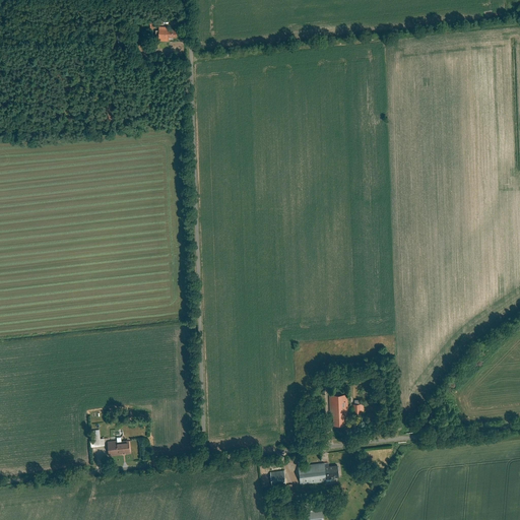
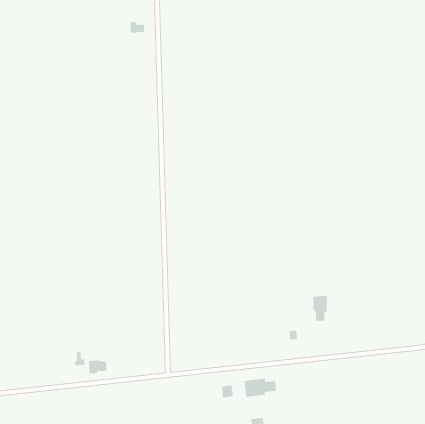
building: [329,395,347,427] -> [313,296,328,321]

